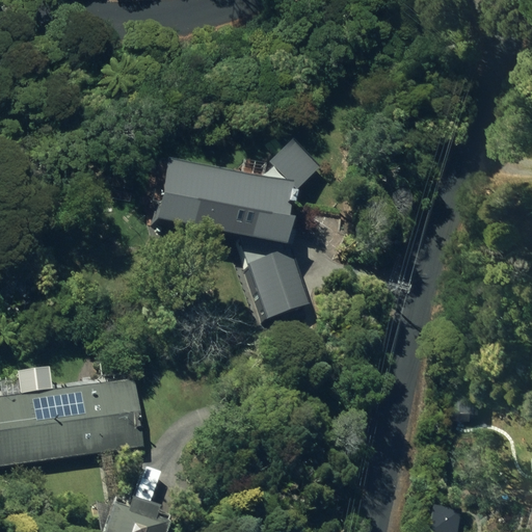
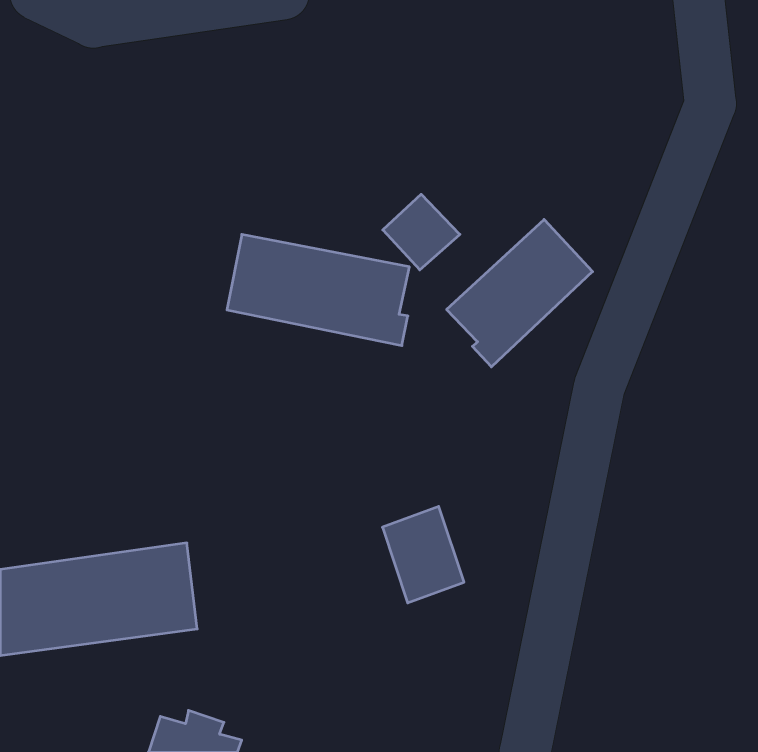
building: none -> [447,219,593,367]
building: [249,248,307,316] -> [382,506,464,603]

